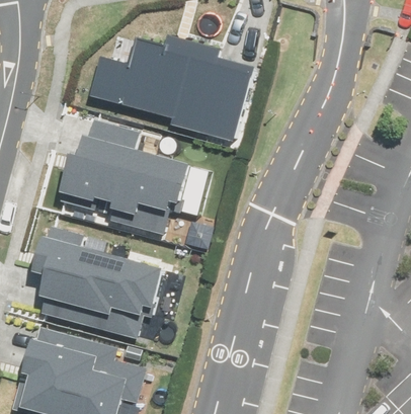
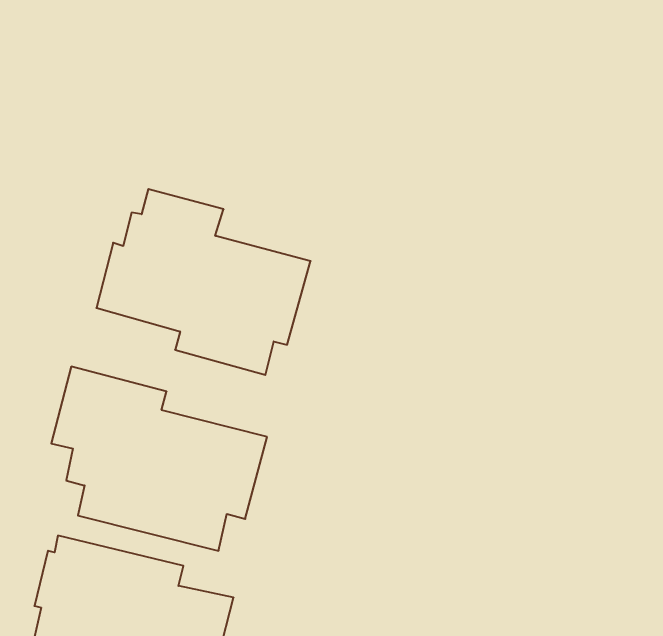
building: [89,34,250,141] -> none

